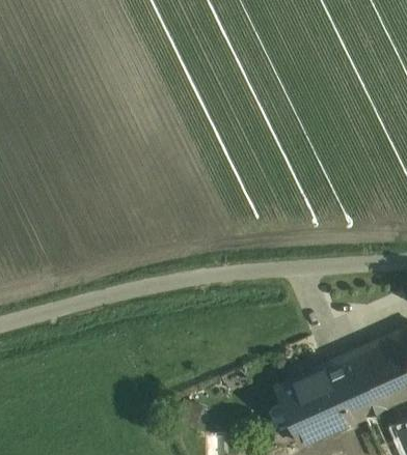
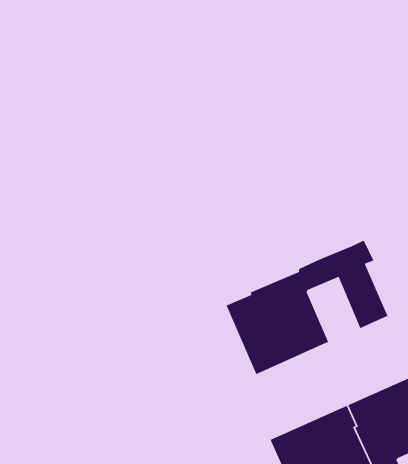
building: none -> [226,240,388,375]

